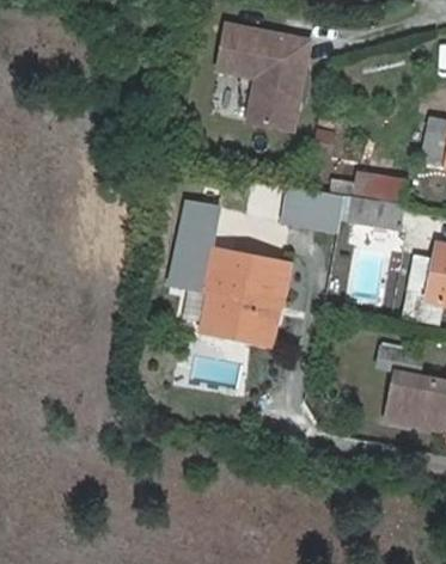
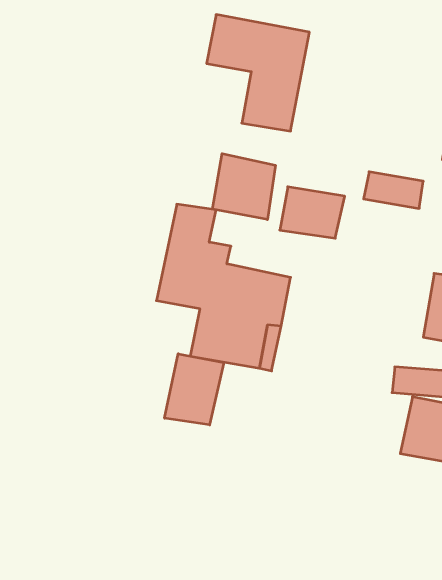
building: none -> [212,154,275,220]
building: [350,195,403,228] -> none
building: none -> [165,354,224,425]

